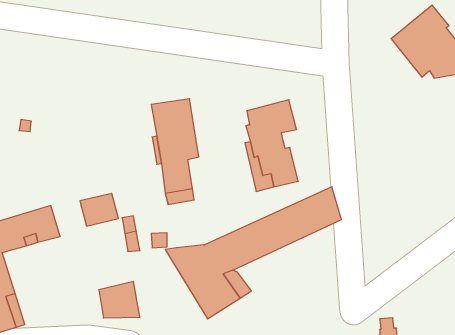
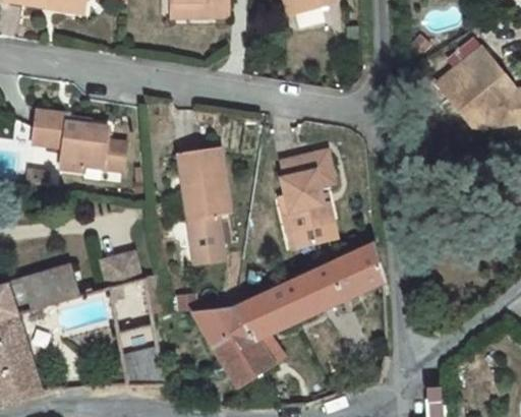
building: none -> [33,110,126,169]

